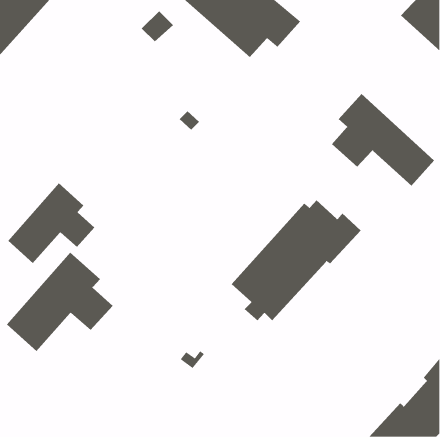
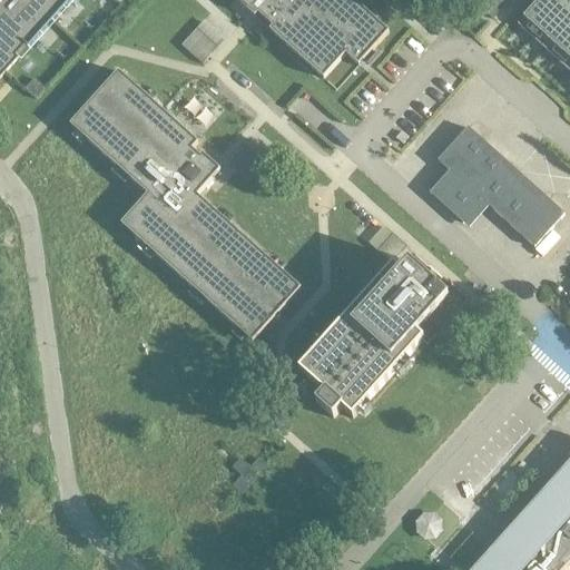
building: none -> [69,68,298,338]
building: [8,183,95,264] -> none
building: [6,252,113,352] -> none

